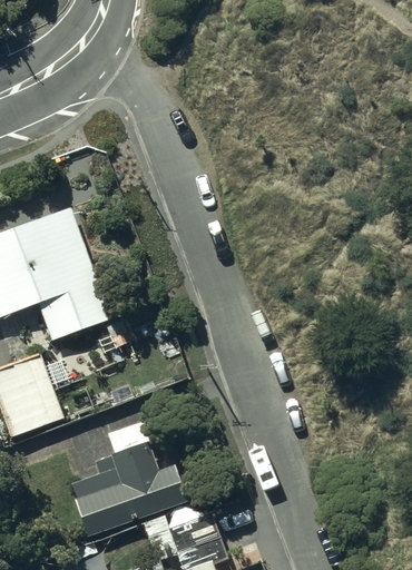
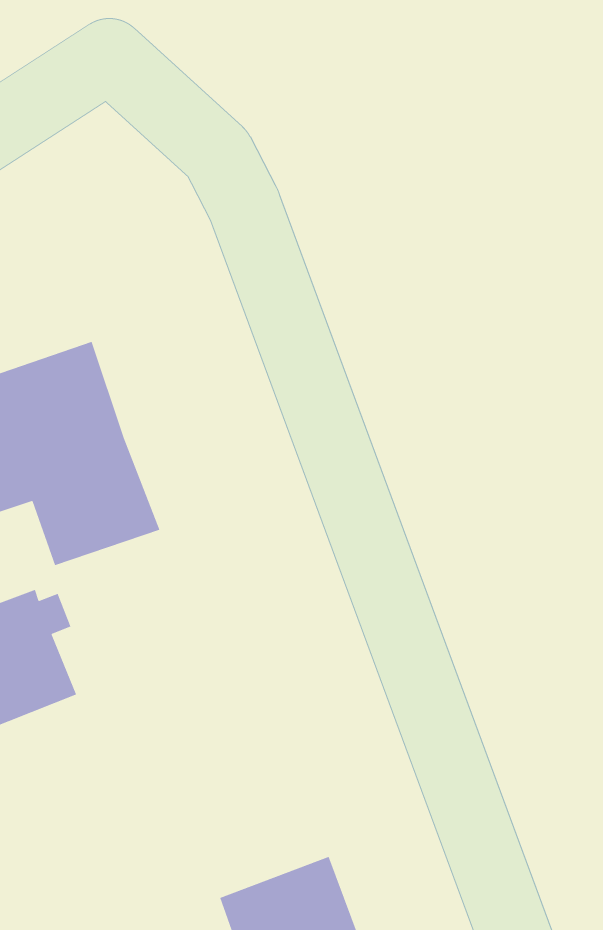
building: [71,416,186,537] -> none

